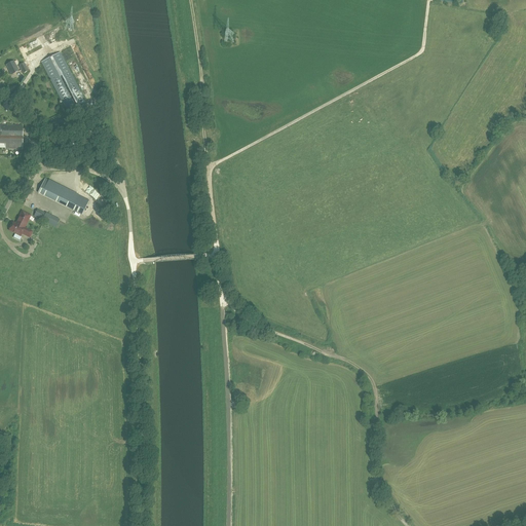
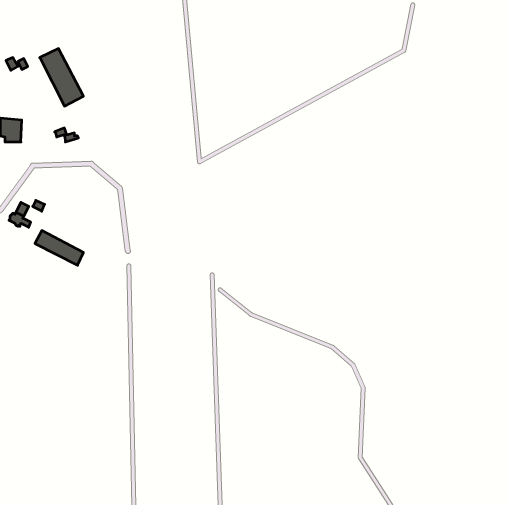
building: [38,177,88,213] -> [35,231,83,265]

